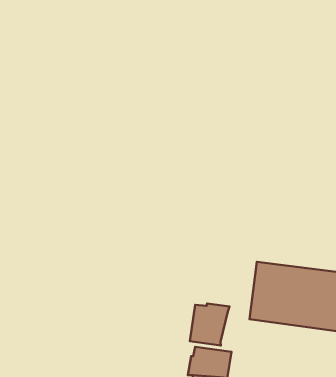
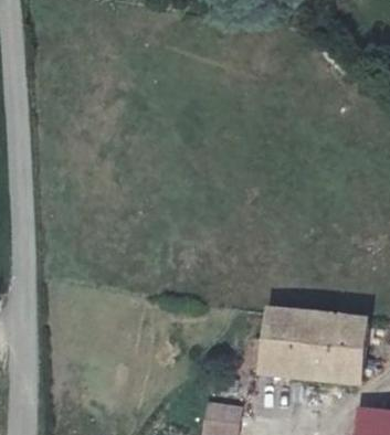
building: [190,304,229,345] -> none

